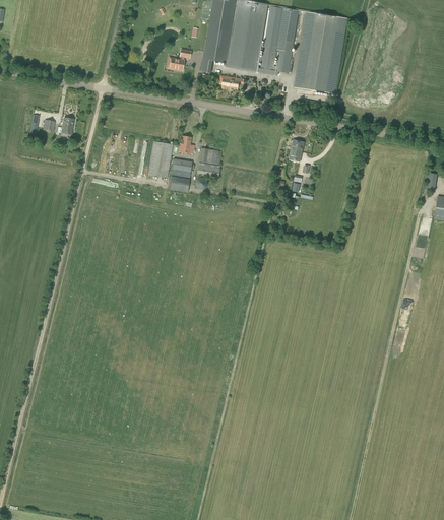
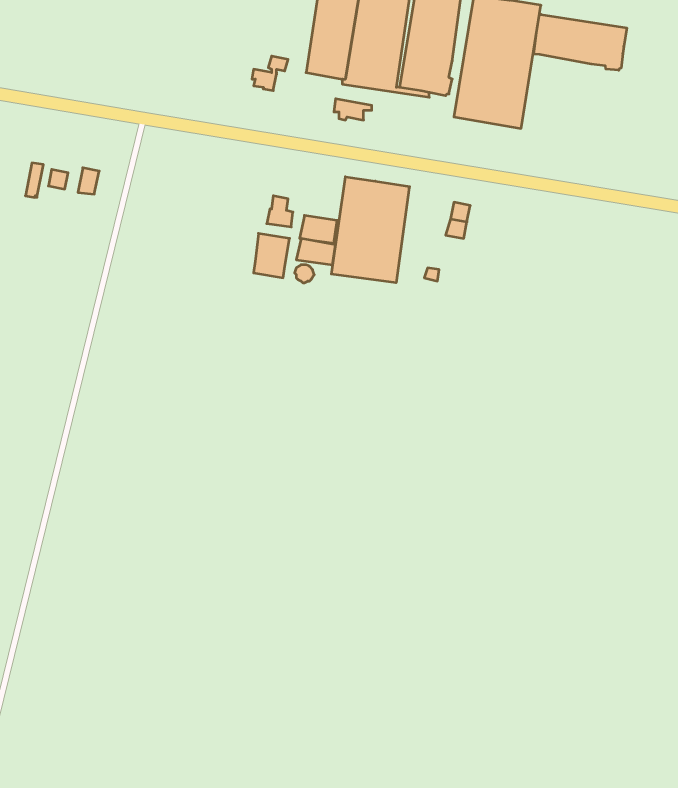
building: none -> [534,14,627,70]
building: none -> [331,177,410,283]
building: [147,140,173,178] -> none

